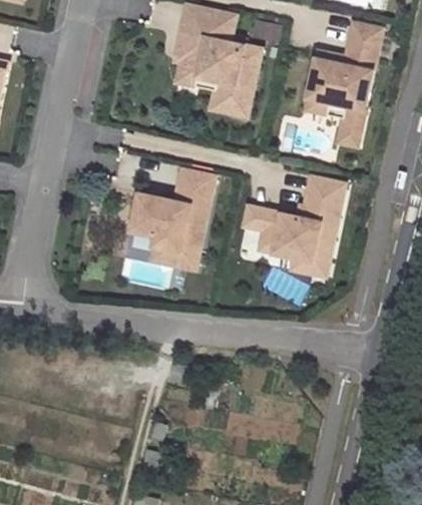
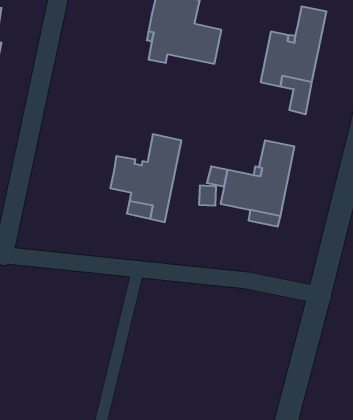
building: [196,76,253,115] -> none

